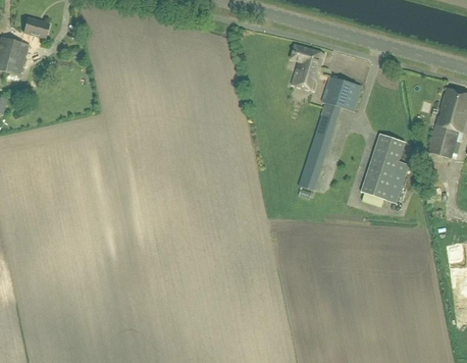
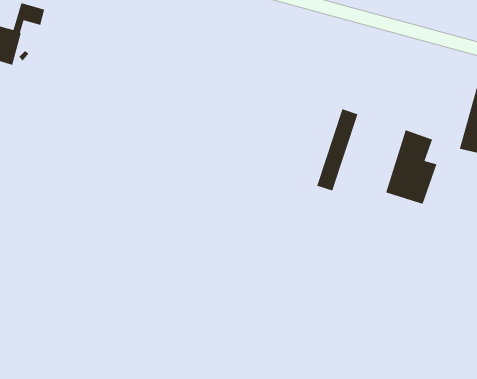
building: [292,45,325,90] -> none
building: [323,77,361,110] -> none

